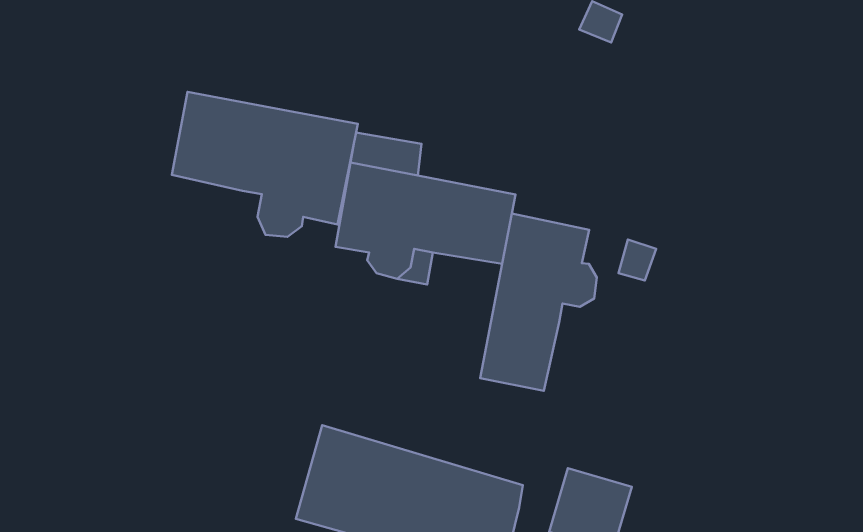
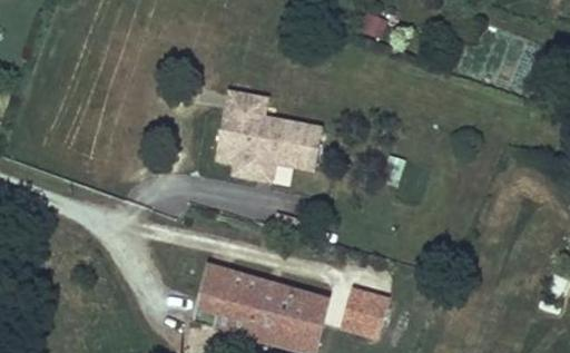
building: [172,92,358,237] -> none
building: [480,213,597,391] -> none

